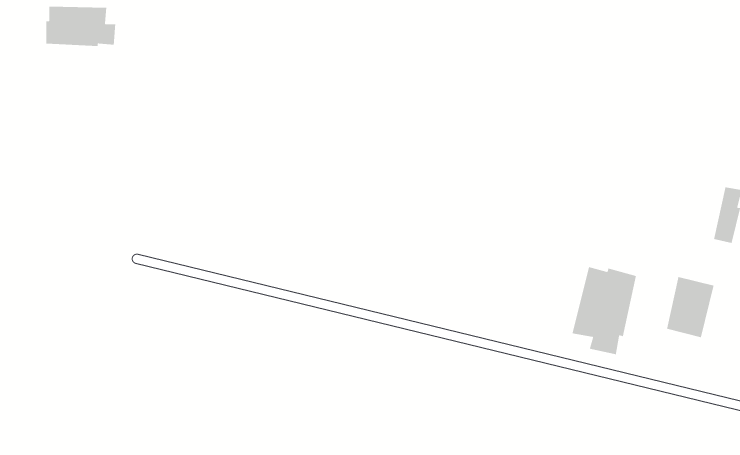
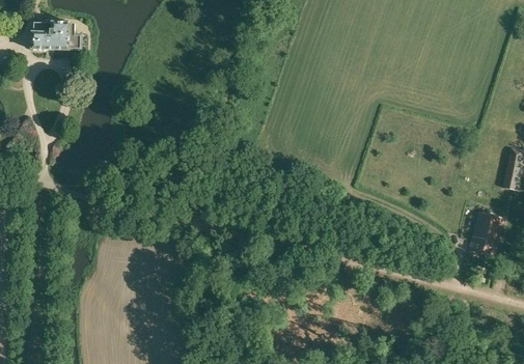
building: [572,266,637,355] -> none

